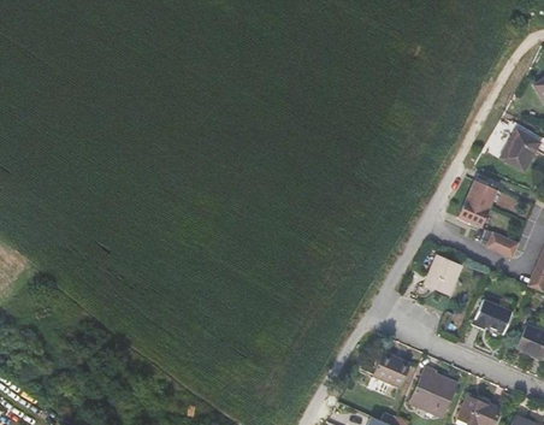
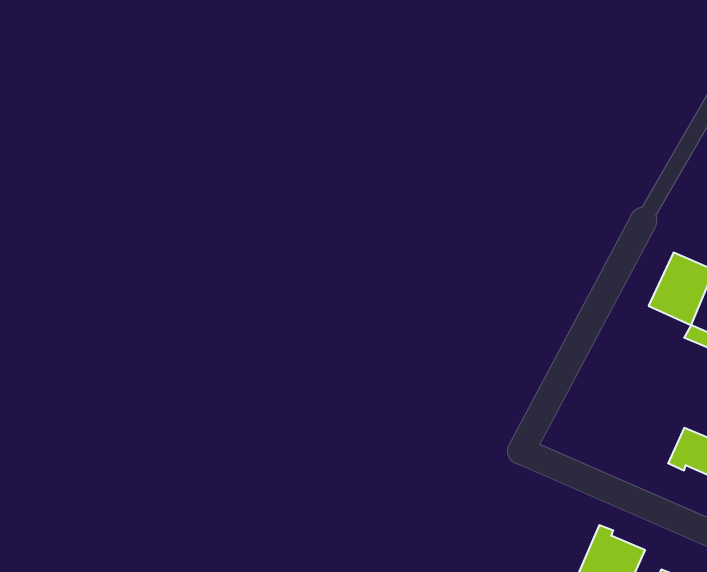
building: [424,254,461,295] -> none
building: [372,352,410,388] -> none

